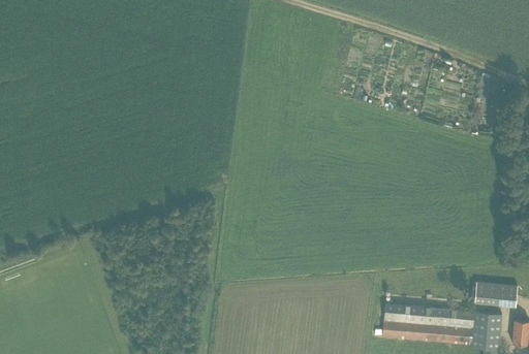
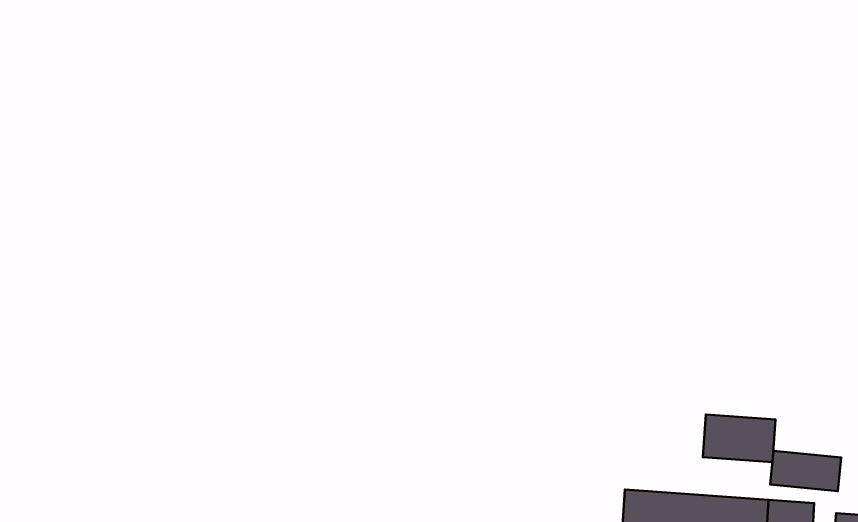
building: none -> [703,415,775,462]

